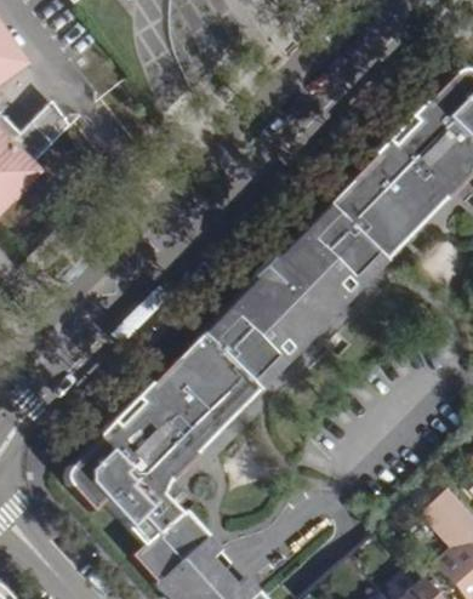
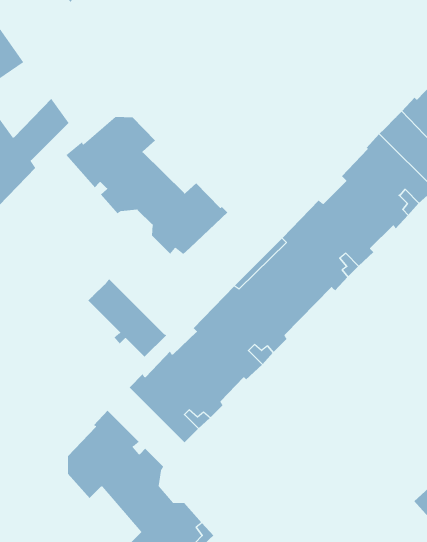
building: none -> [65,116,228,255]
building: [114,399,195,480] -> [88,278,167,358]

